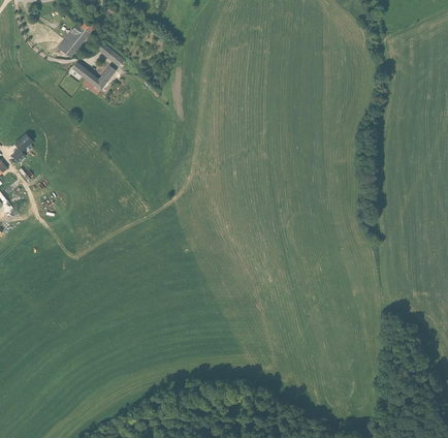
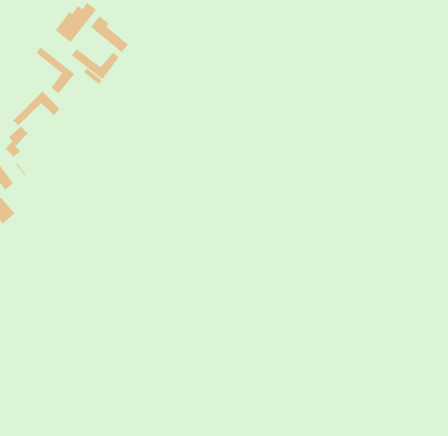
building: none -> [36,46,75,94]
building: none -> [13,90,60,126]

